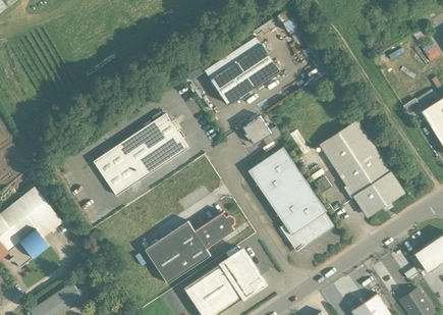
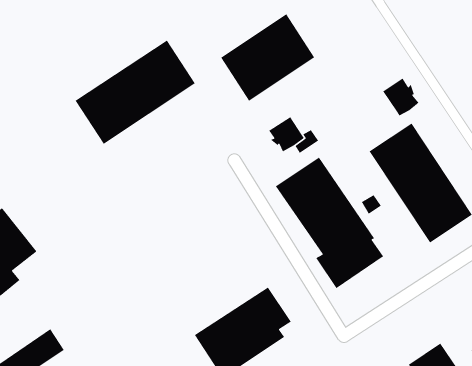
building: none -> [382,77,420,117]
building: [93,114,187,197] -> [75,39,196,145]
building: [145,213,234,284] -> none

